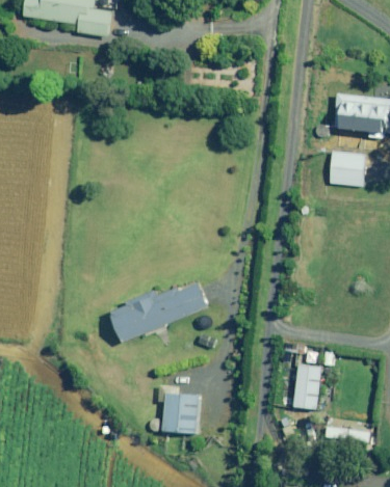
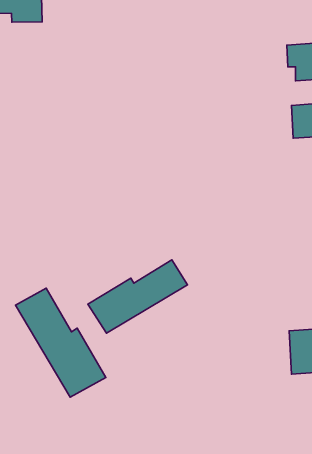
building: none -> [16,288,106,397]
building: [158,385,198,433] -> none

